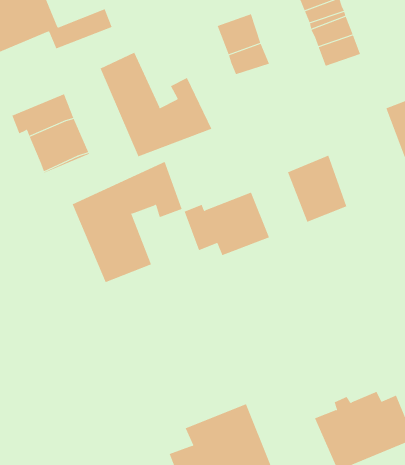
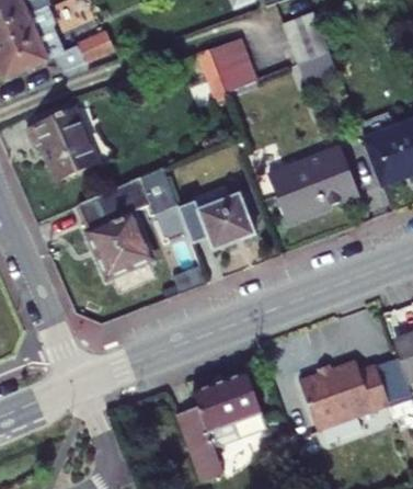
building: [100,52,212,157] -> none
building: none -> [309,149,360,208]

